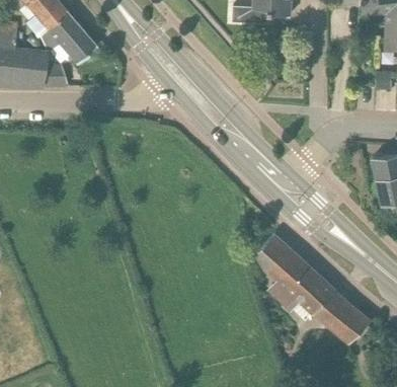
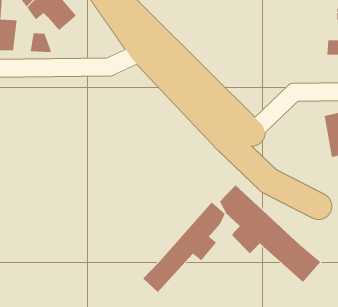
building: [24,50,48,85] -> none
building: none -> [142,202,226,293]

